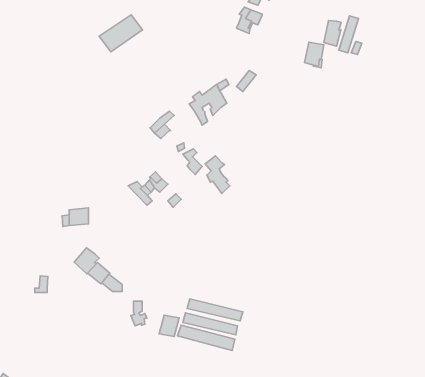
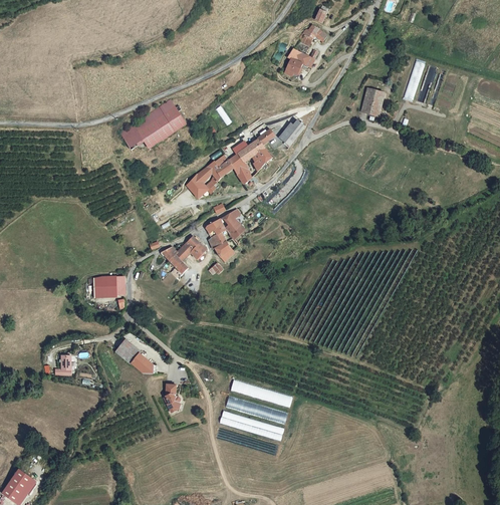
building: [99,15,142,52] -> [137,106,186,149]
building: [324,20,341,46] -> none
building: none -> [208,155,236,183]
building: [205,156,230,194] -> [206,219,234,262]
building: [74,248,99,274] -> none
building: [159,315,179,336] -> none

